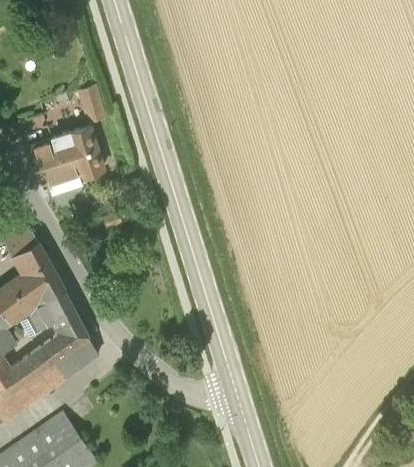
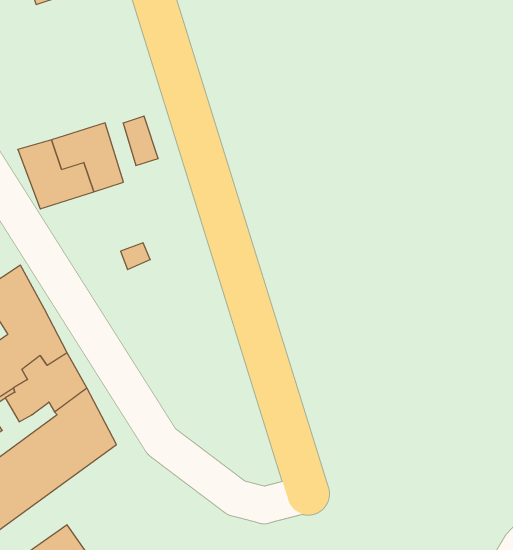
building: [79,87,104,122] -> [123,116,158,165]

